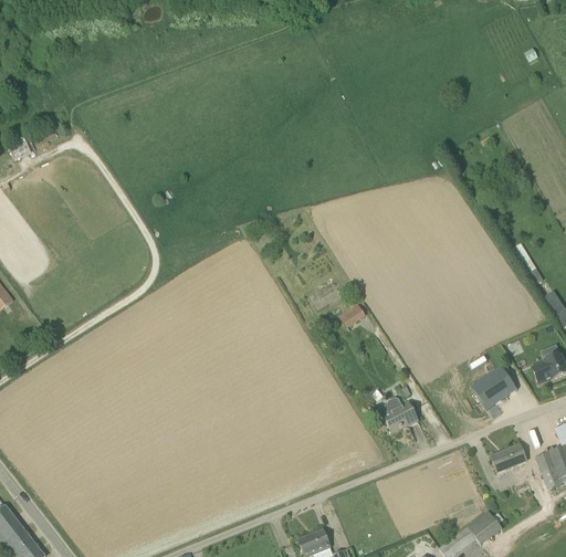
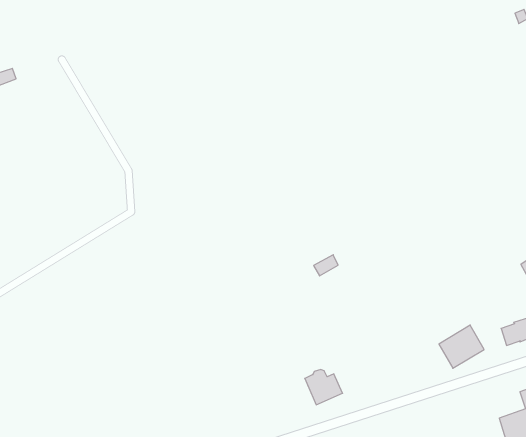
building: [379,397,418,432] -> [305,370,343,405]
building: [490,442,526,471] -> none

